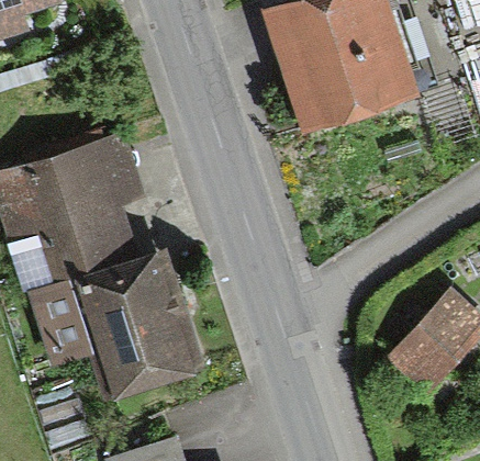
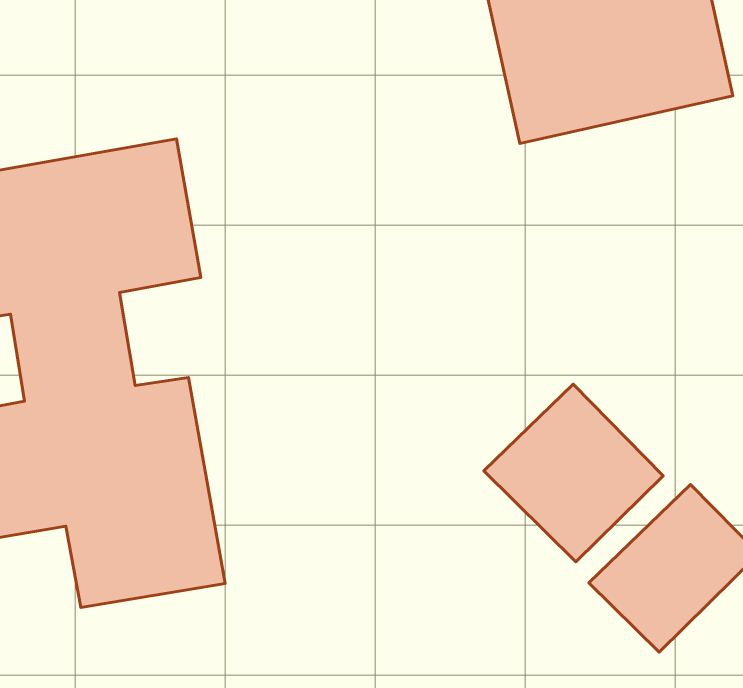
building: none -> [484,384,663,562]

